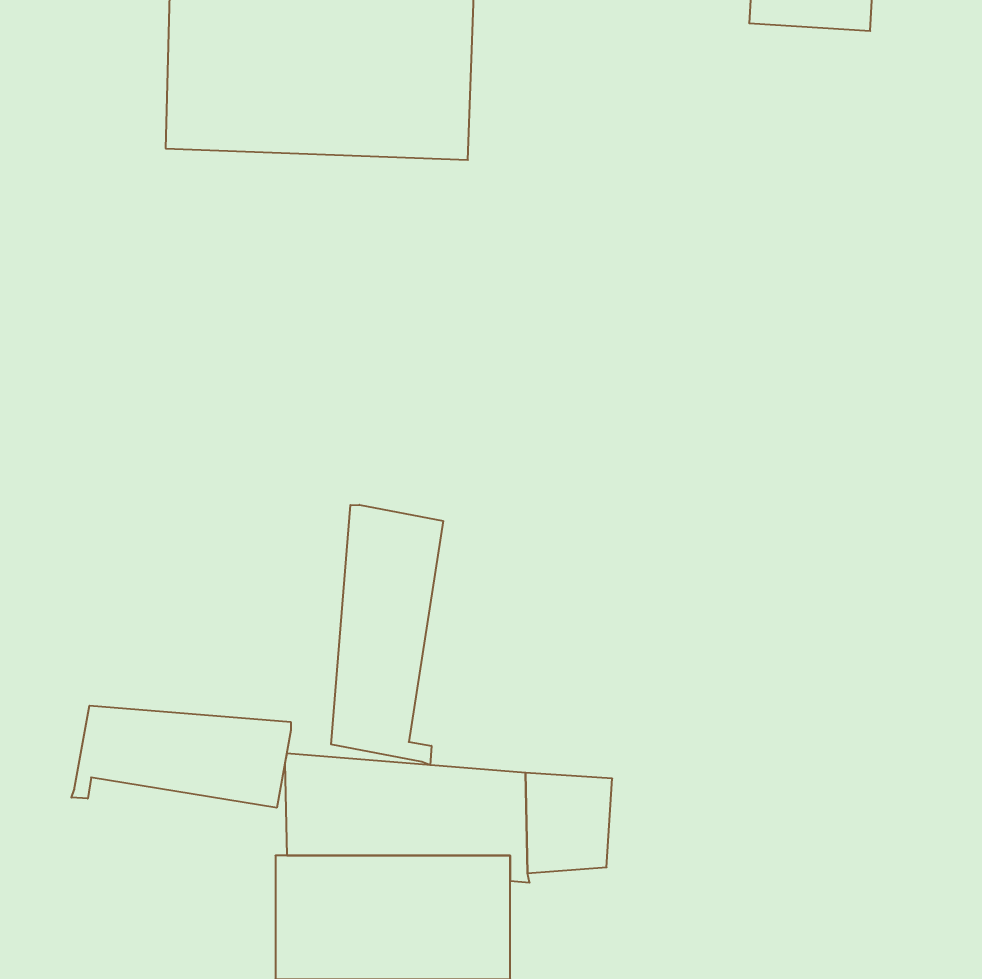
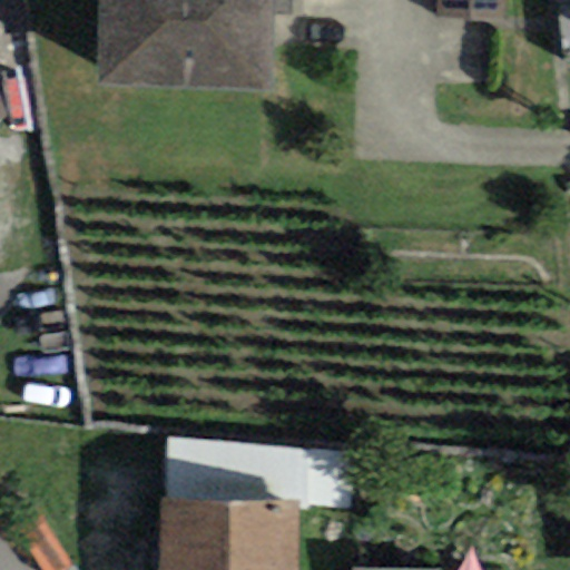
building: [331,505,443,765] -> none
building: [71,706,291,808] -> none

